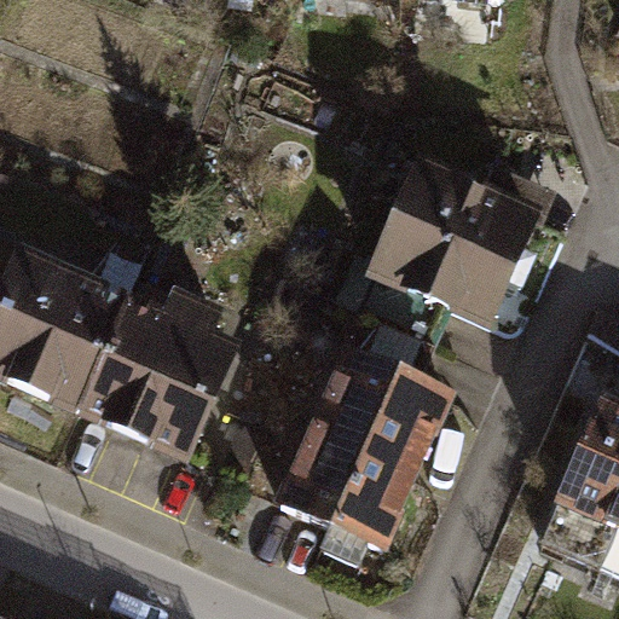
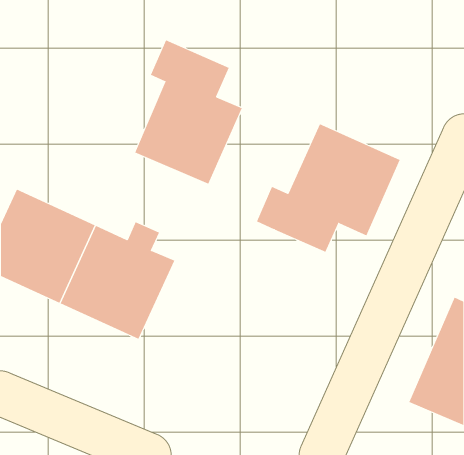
building: none -> [135,40,242,185]
building: [289,306,451,533] -> none

